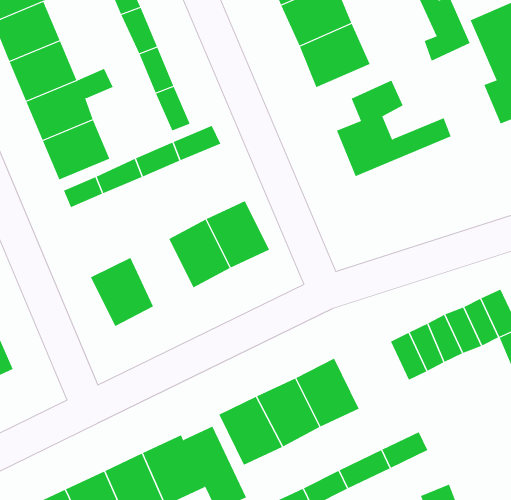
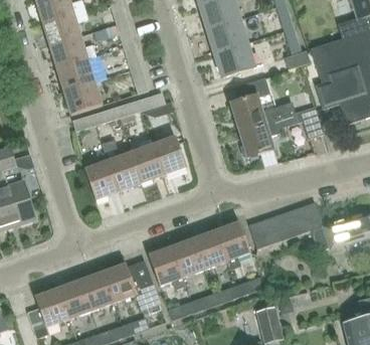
building: none -> [238,107,322,157]
building: none -> [108,154,141,191]
building: none -> [216,222,249,269]

